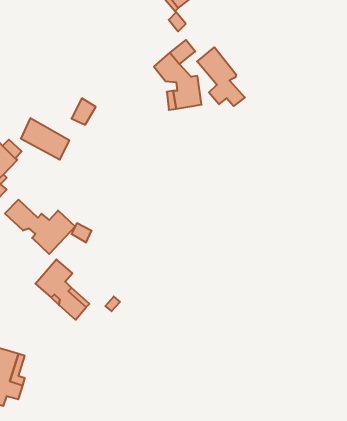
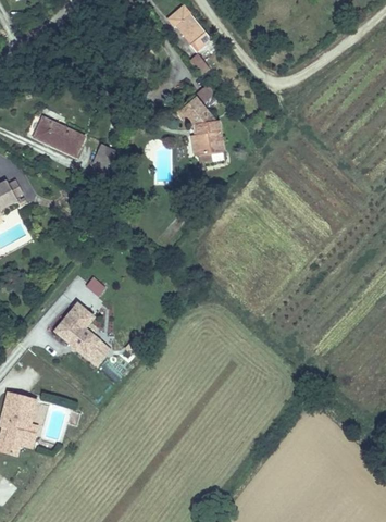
building: [197,47,245,106] -> none
building: [21,118,69,160] -> [35,113,85,156]
building: [5,200,75,254] -> none

